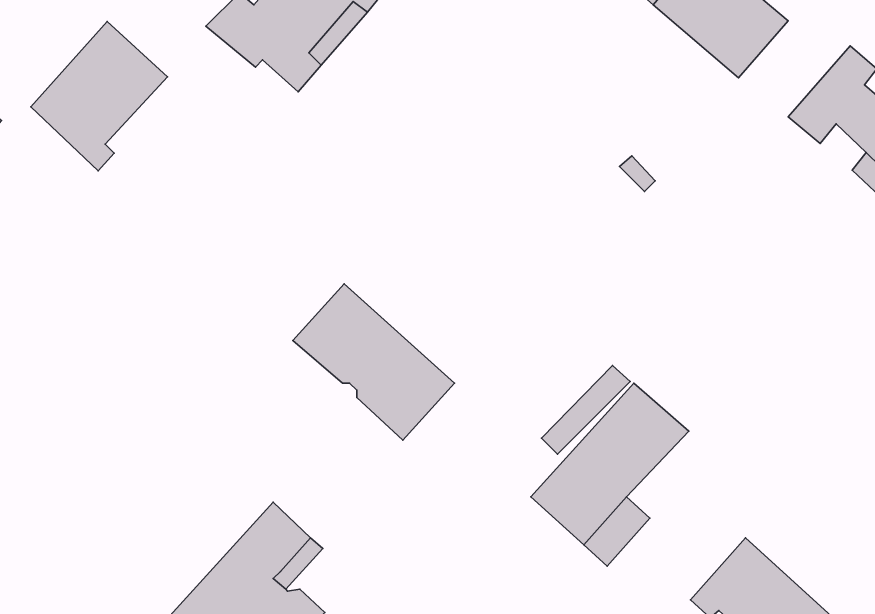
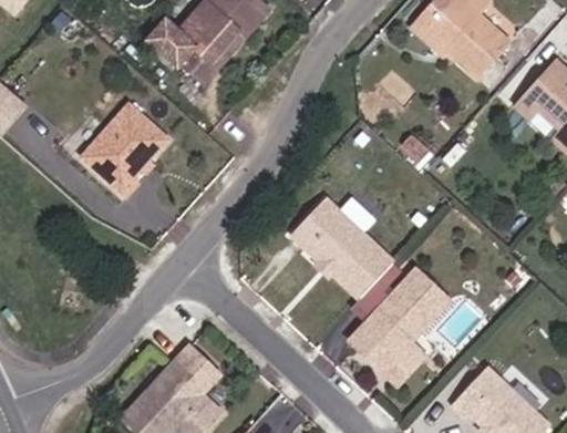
building: [31,22,167,171] -> [75,103,161,196]
building: [293,284,454,440] -> [291,199,392,297]

